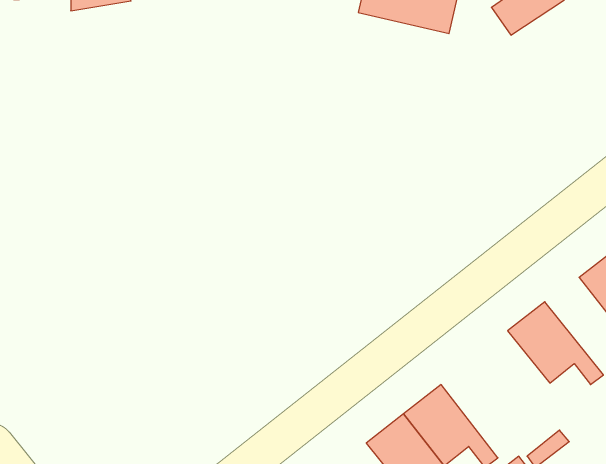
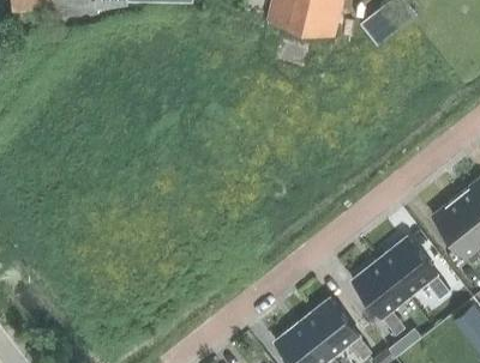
building: none -> [350,256,408,332]

